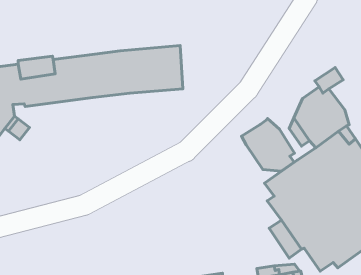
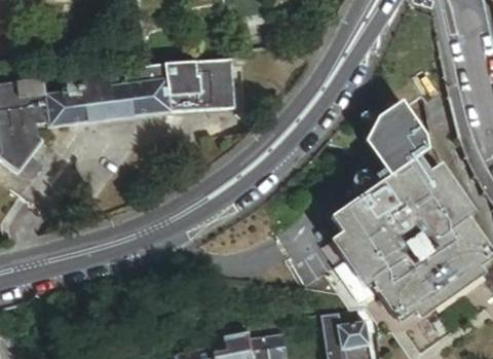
building: [241,118,295,171] -> none

